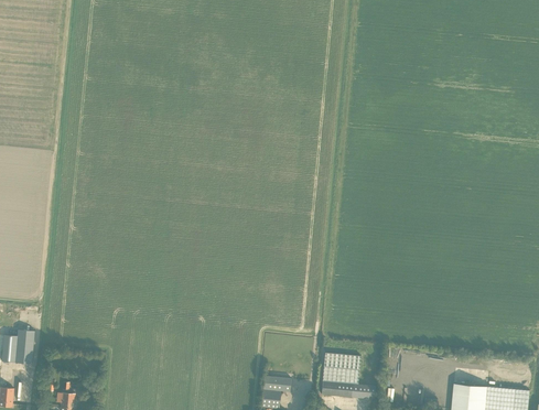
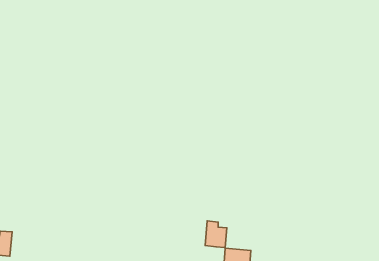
building: none -> [205,221,227,248]

